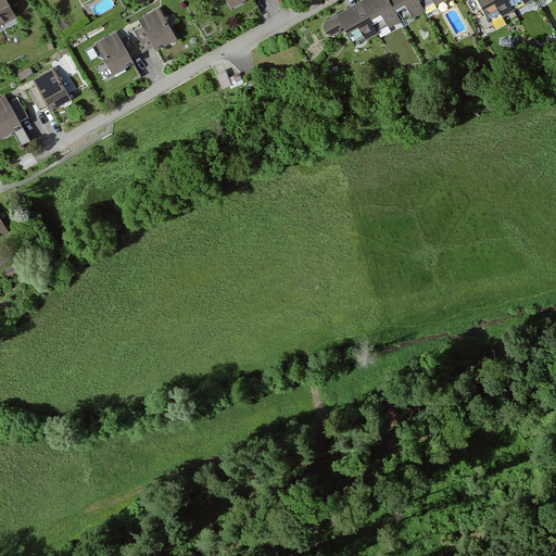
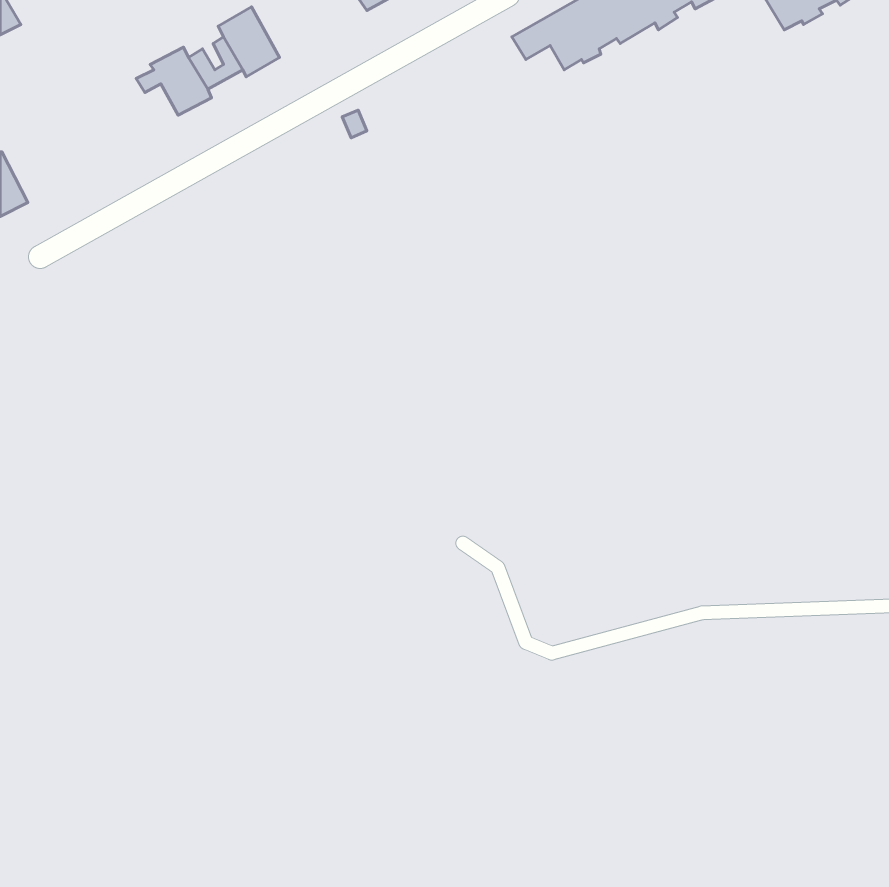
building: [27,66,70,112] -> none

